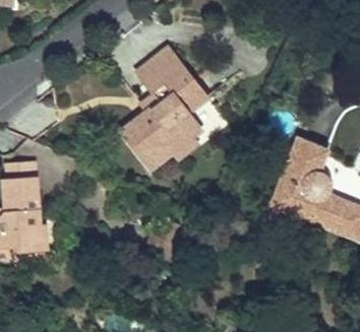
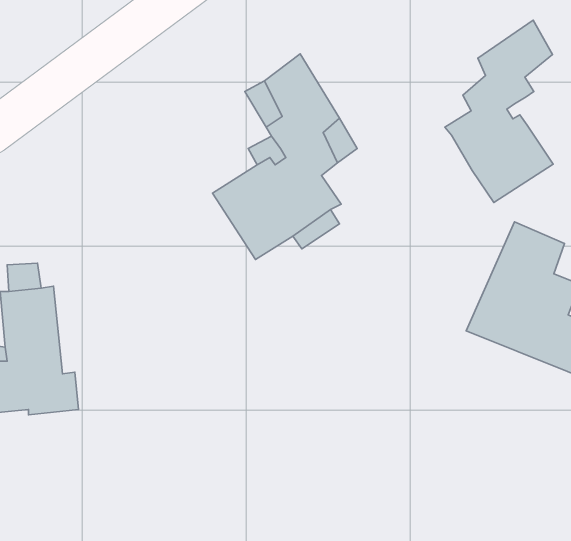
building: none -> [445,20,553,203]

